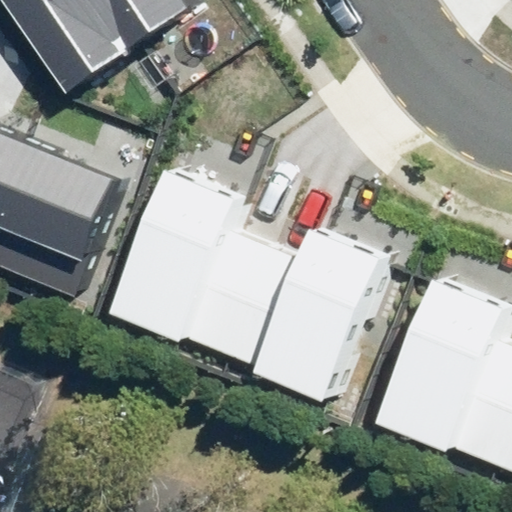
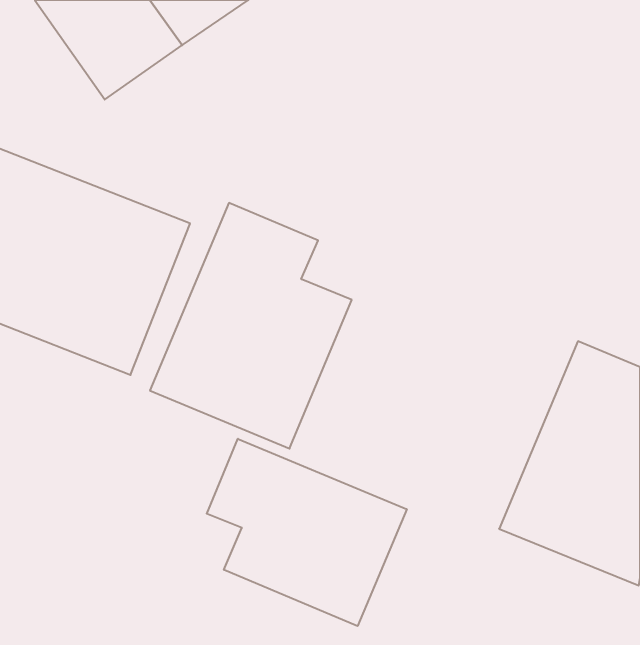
building: [224,228,392,403] -> none
building: none -> [207,439,407,626]

